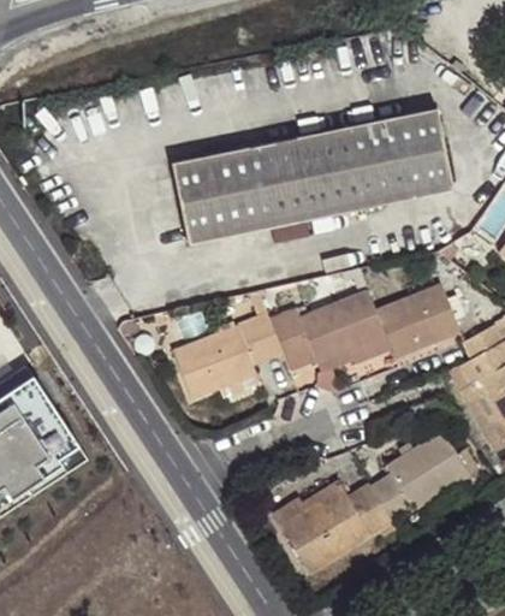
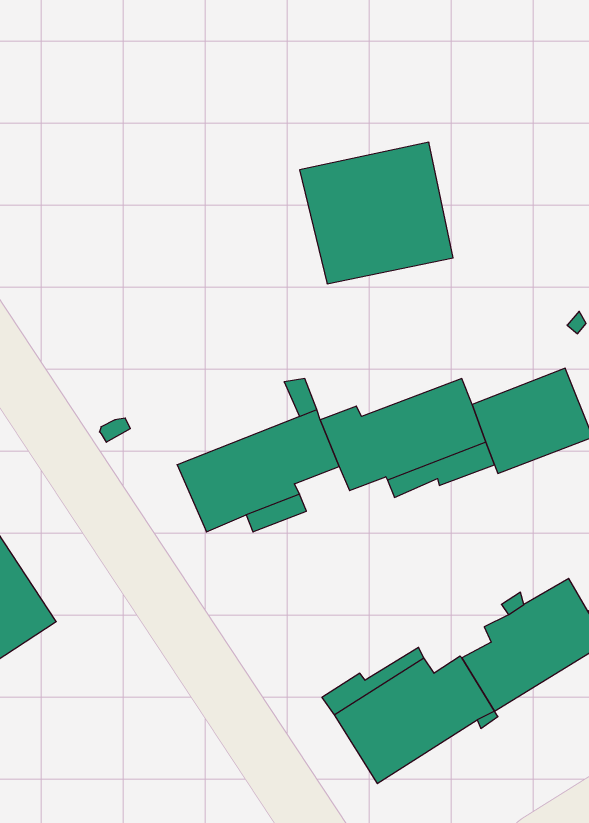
building: [346,108,451,207] -> none
building: [168,146,275,243] -> none

